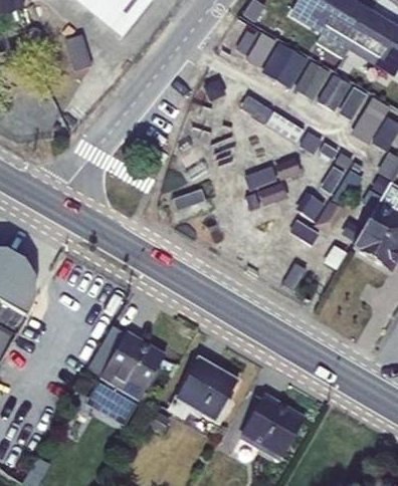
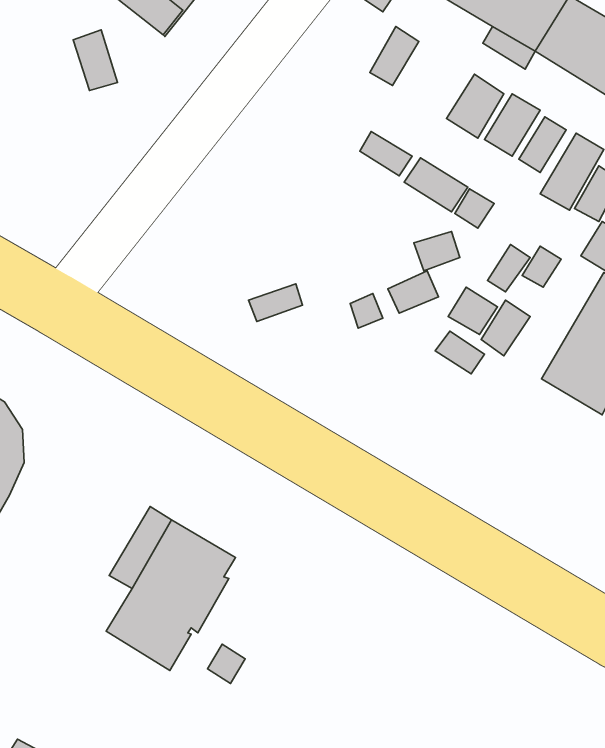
building: [261,40,309,87] -> none
building: [167,356,237,424] -> none
building: [239,395,303,461] -> none

